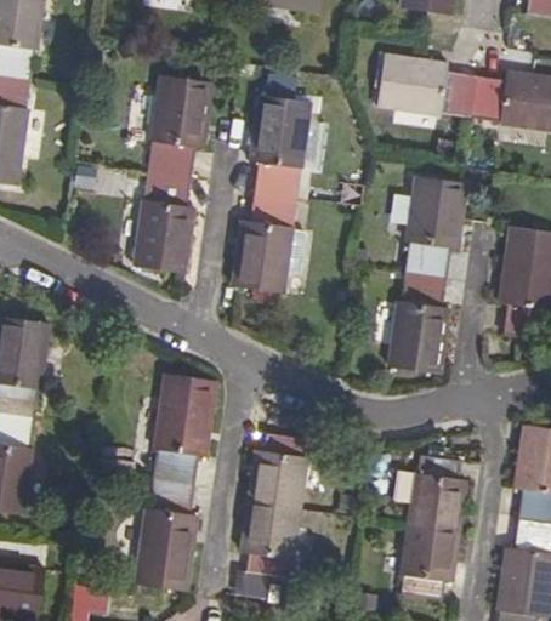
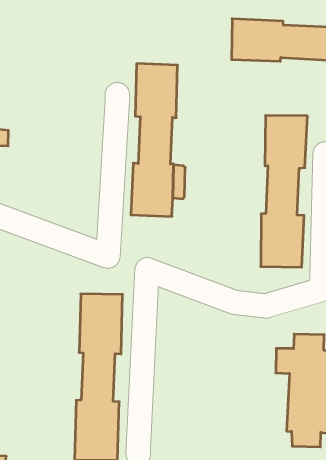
building: [132,75,209,270] -> none
building: [242,432,306,576] -> none

